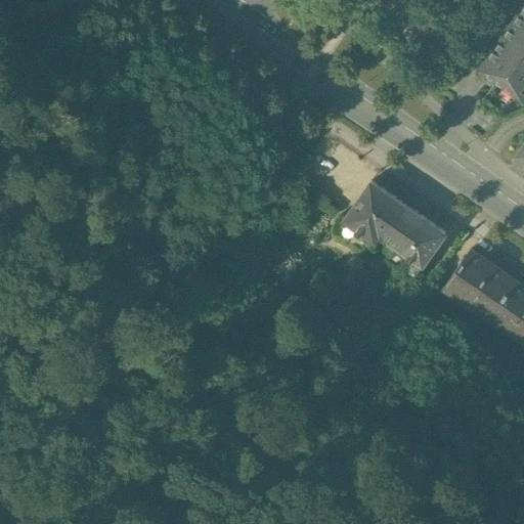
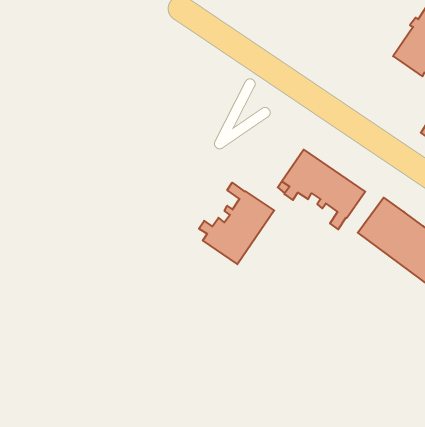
building: none -> [199,183,274,264]

